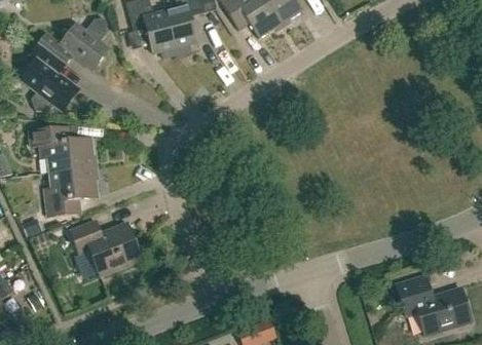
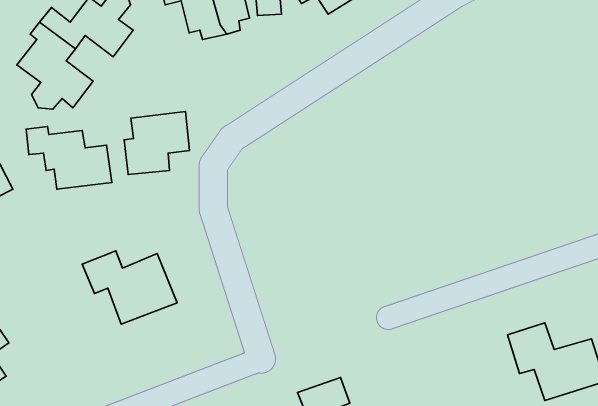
building: [44,167,95,216] -> [124,112,190,174]

